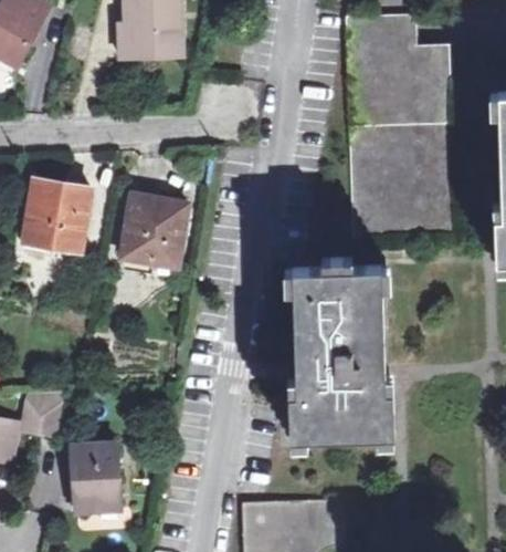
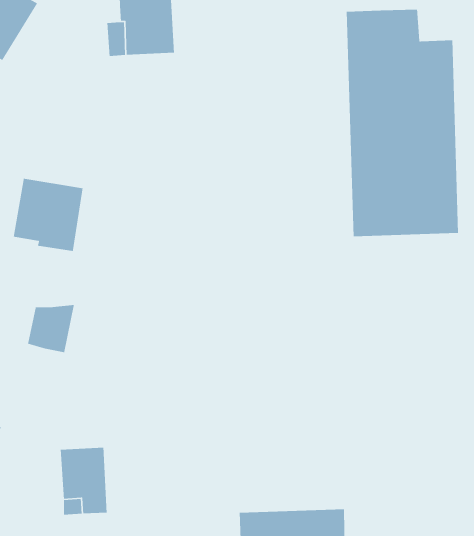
building: [120,194,190,268] -> none
building: [287,269,392,441] -> none
building: [23,388,70,436] -> [27,304,75,353]

